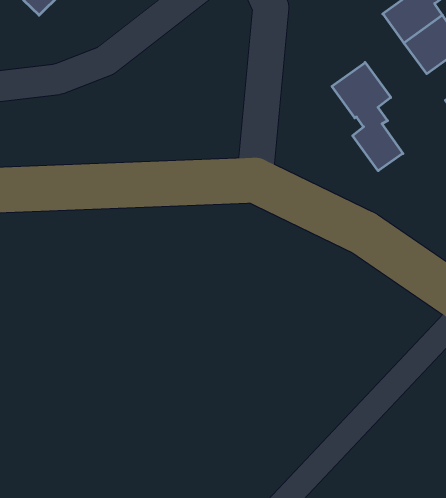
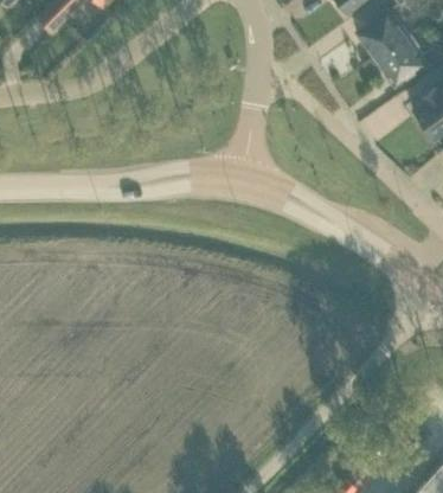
building: [332,62,403,171] -> none

